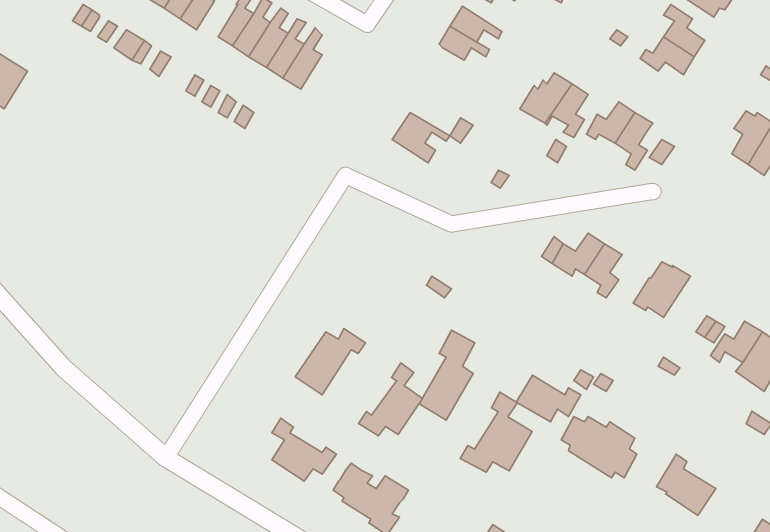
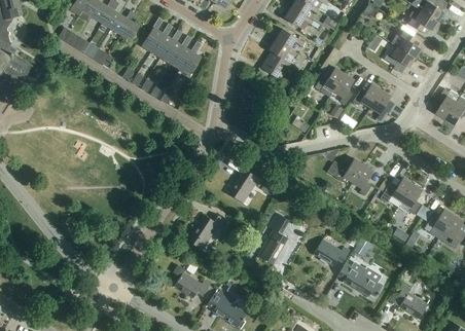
building: [392,112,450,163] -> [260,52,293,81]
building: none -> [228,169,262,203]
building: none -> [397,183,422,215]
building: [358,363,422,436] -> none
building: [460,392,532,472] -> none

